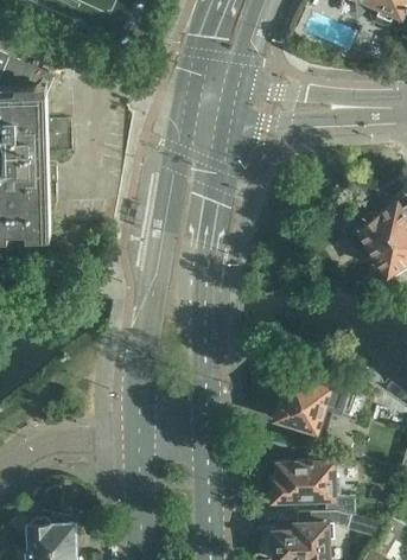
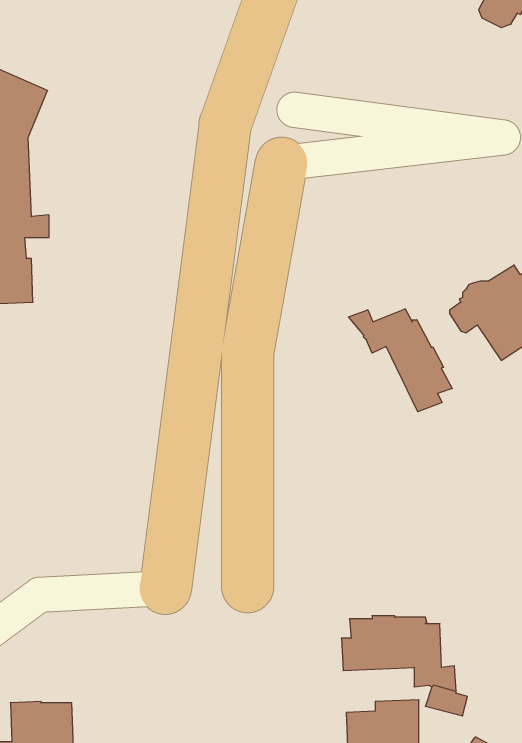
building: none -> [348,309,452,412]
building: [273,369,345,434] -> none

